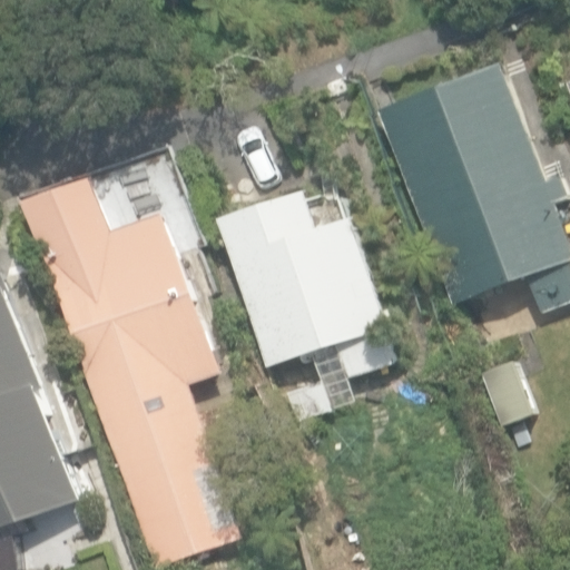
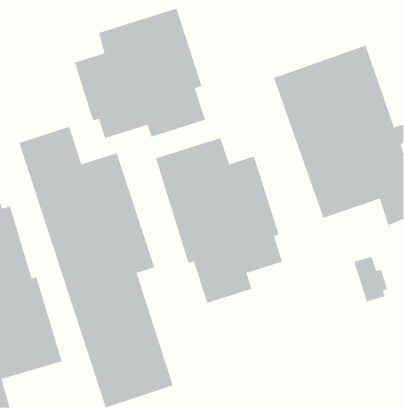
building: none -> [74,8,206,139]

